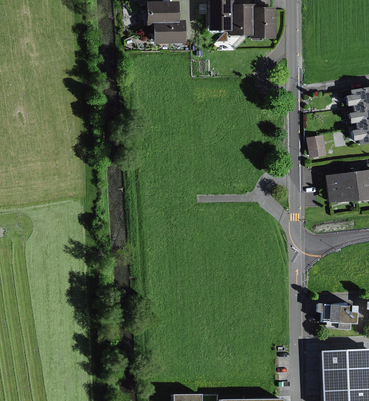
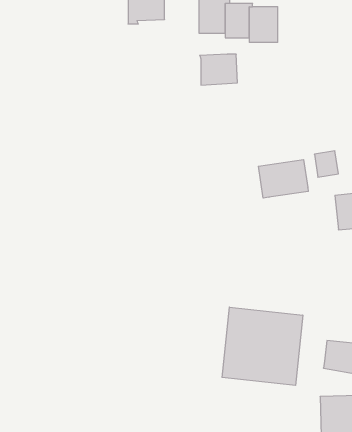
building: [154,19,187,46] -> [200,54,237,85]
building: none -> [258,160,308,198]
building: none -> [222,307,303,385]

